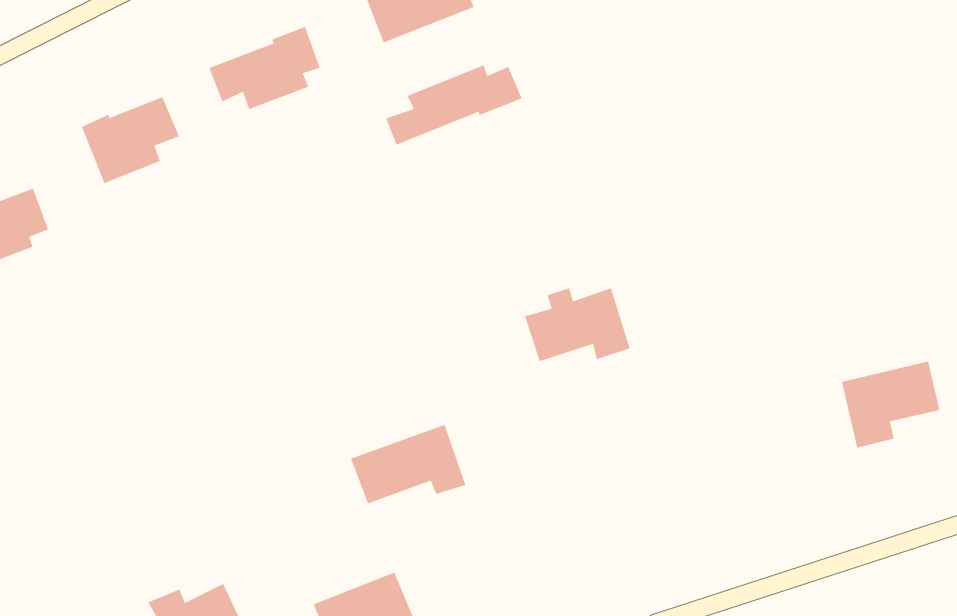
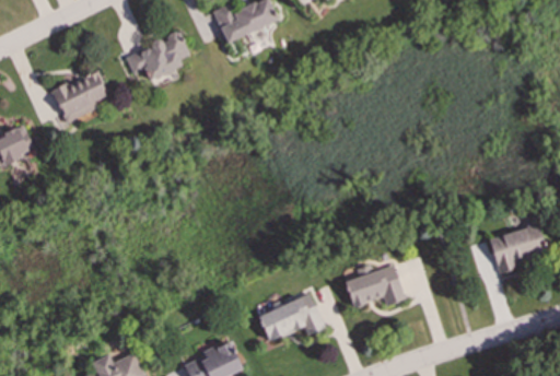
building: [386,64,523,145] -> none
building: [524,288,631,362] -> [343,265,405,307]
building: [350,424,466,504] -> [257,294,324,340]

